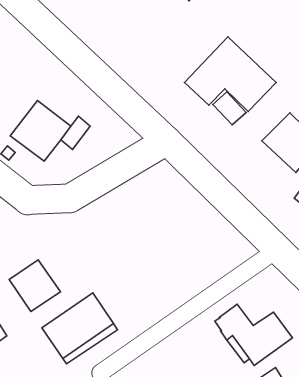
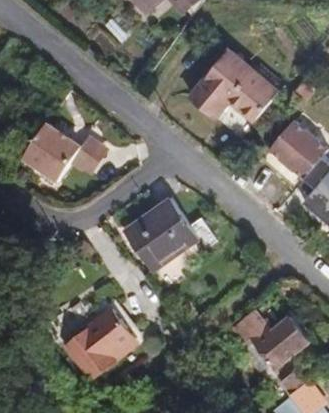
building: none -> [123,198,217,271]
building: [9,260,60,311] -> none

